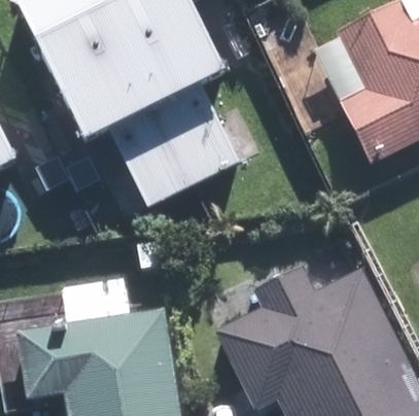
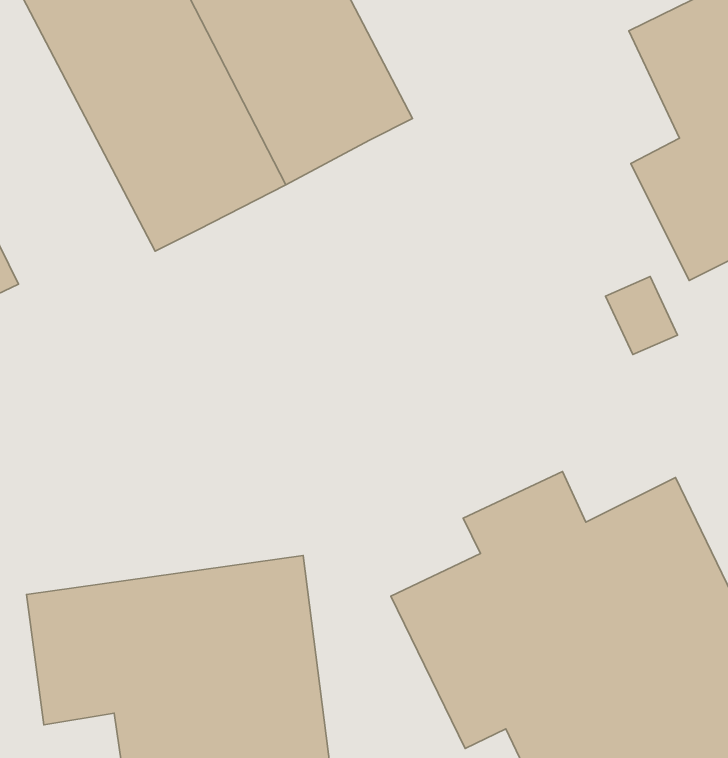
building: [111,89,241,210] -> none

